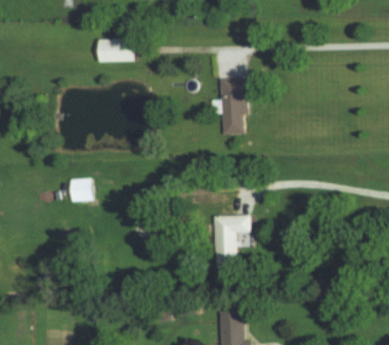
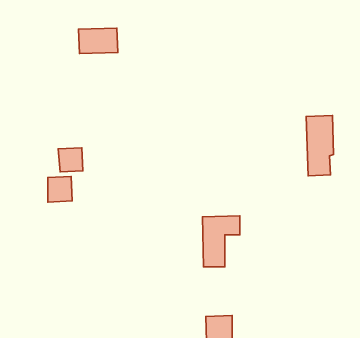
building: [220,78,246,135] -> [306,115,334,176]
building: none -> [58,148,83,172]

